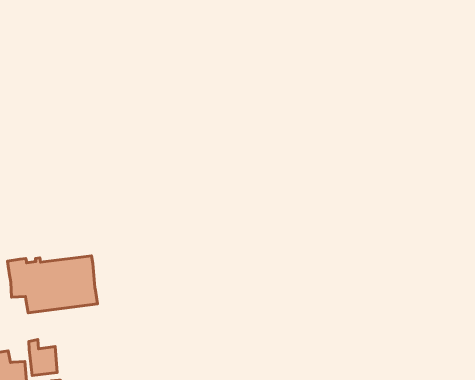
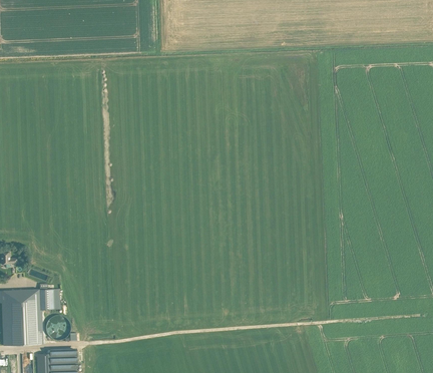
building: [7,256,97,313] -> none

